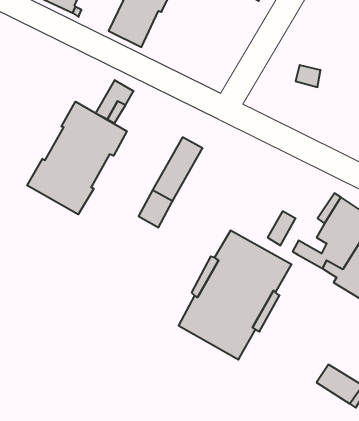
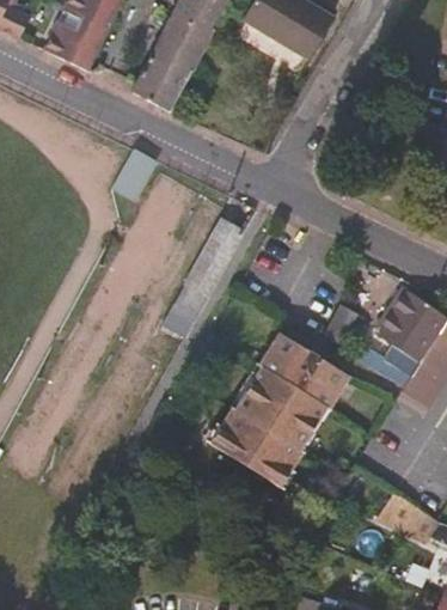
building: [27,102,127,214] -> none

